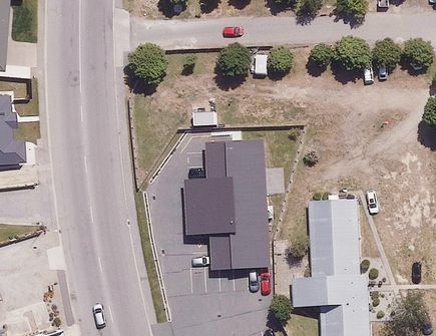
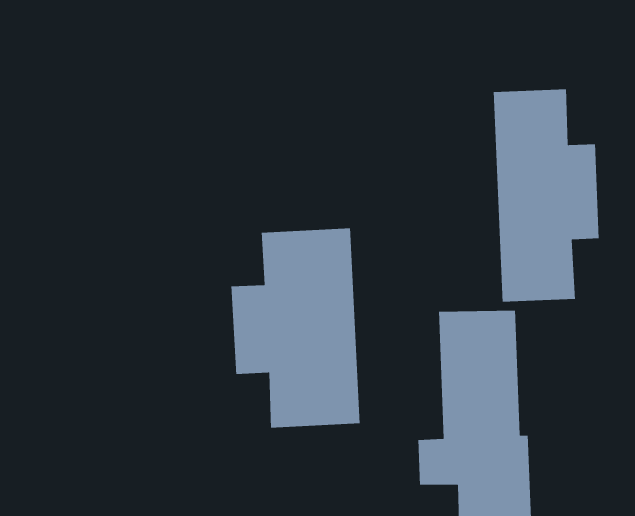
building: none -> [493,88,600,302]

